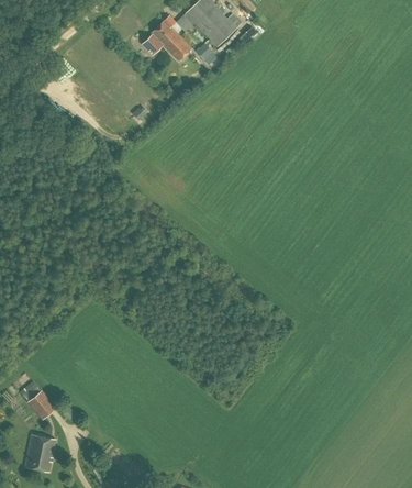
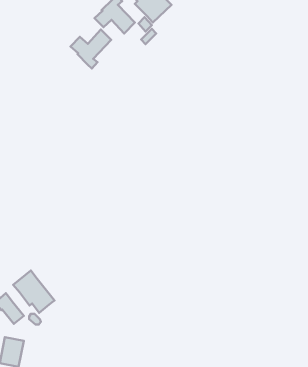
building: none -> [71,30,111,69]
building: none -> [13,271,54,313]

